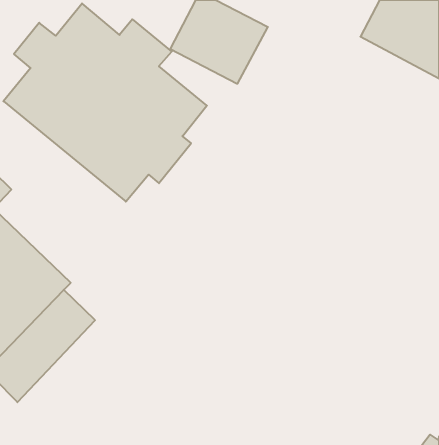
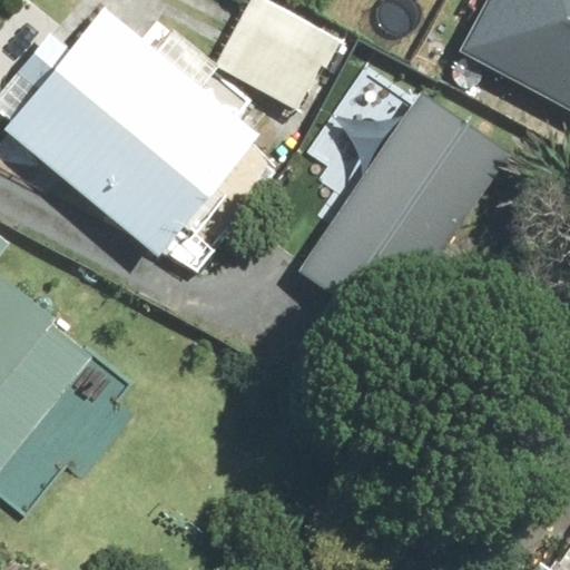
building: none -> [294,92,507,330]

